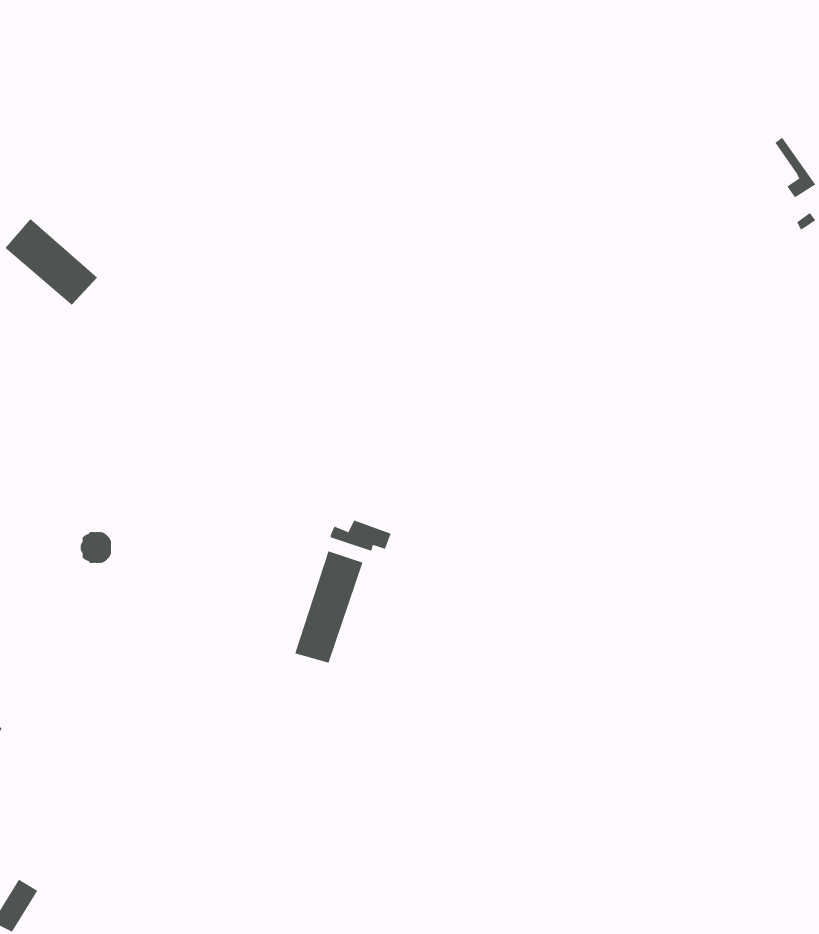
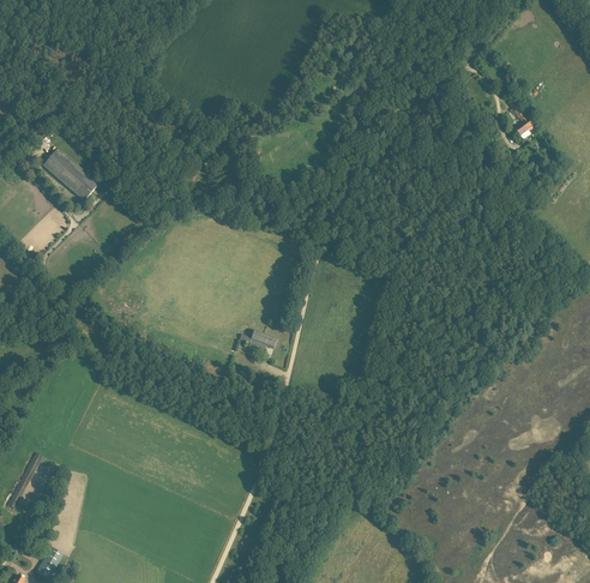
building: [295,551,363,664] -> none

